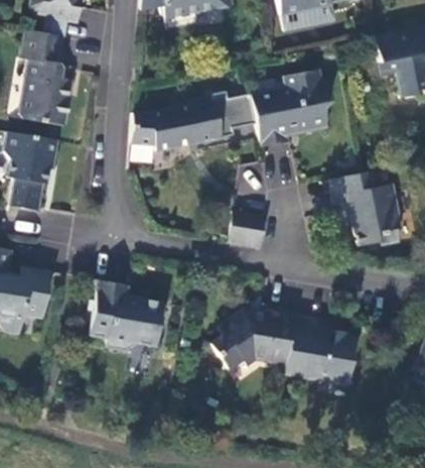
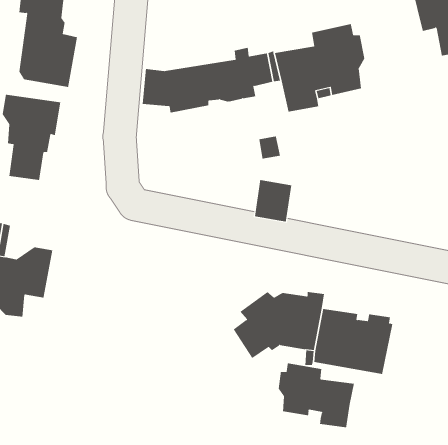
building: [328,169,400,244] -> none
building: [91,277,165,353] -> none
building: none -> [278,363,354,428]

